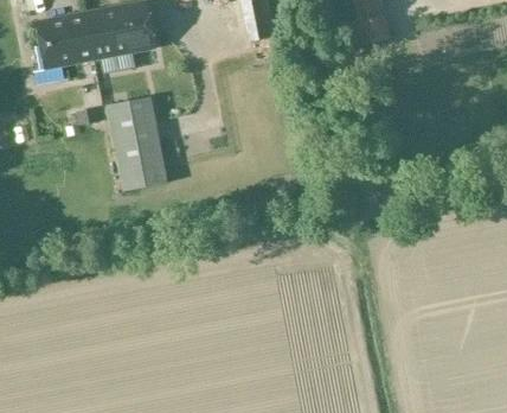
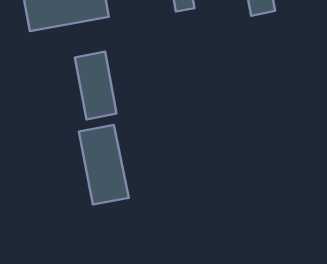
building: none -> [79,125,129,205]

